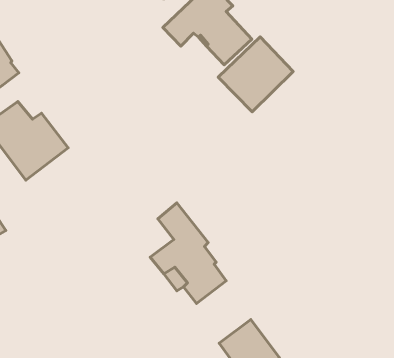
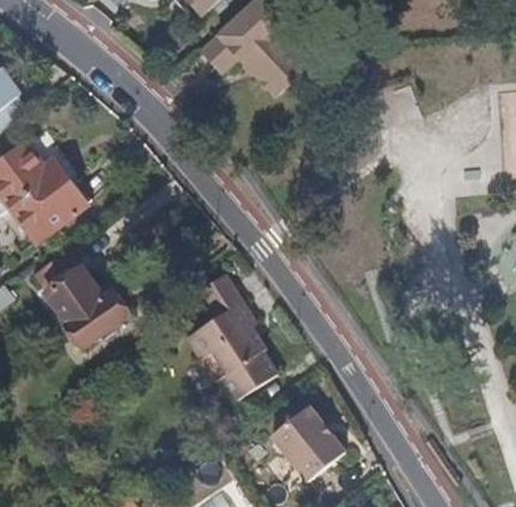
building: [218,37,293,112] -> none
building: none -> [36,249,127,347]

